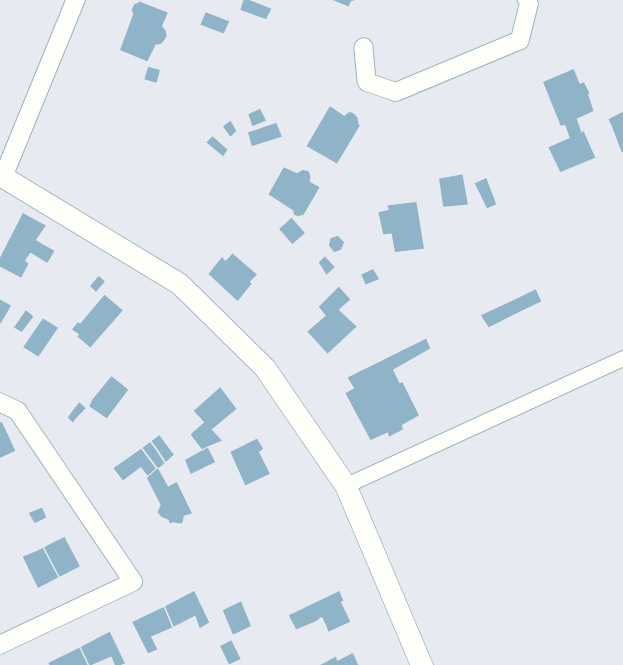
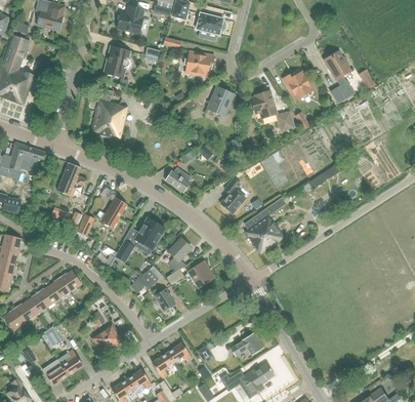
building: none -> [185,51,214,76]
building: none -> [90,89,127,138]
building: none -> [283,71,314,100]
building: [268,166,320,217] -> none
building: [378,201,425,253] -> [250,90,277,118]
building: none -> [133,216,166,254]

